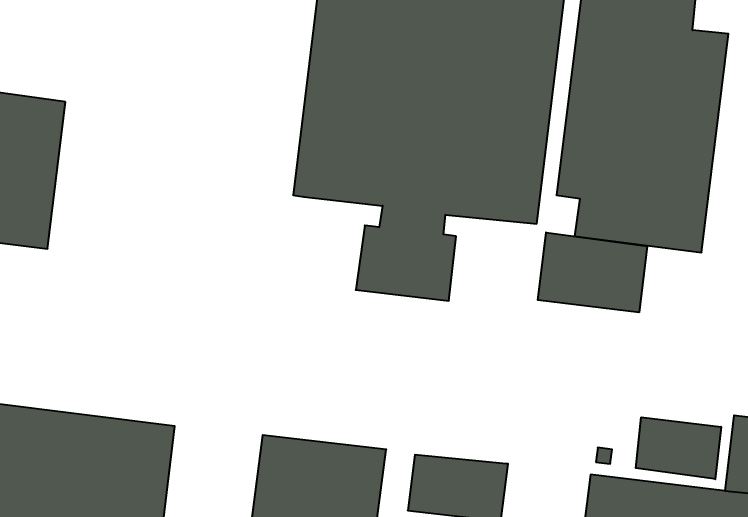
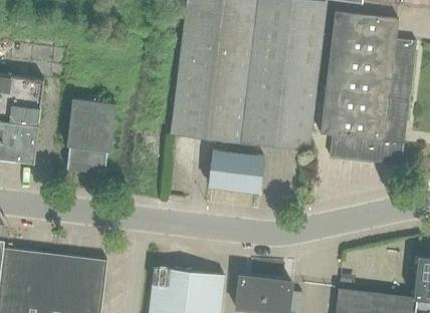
building: none -> [65,97,115,173]
building: [538,232,647,312] -> none
building: [636,417,721,479] -> none

